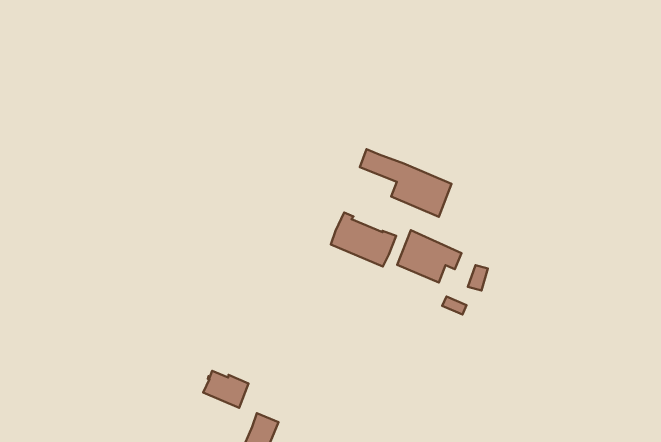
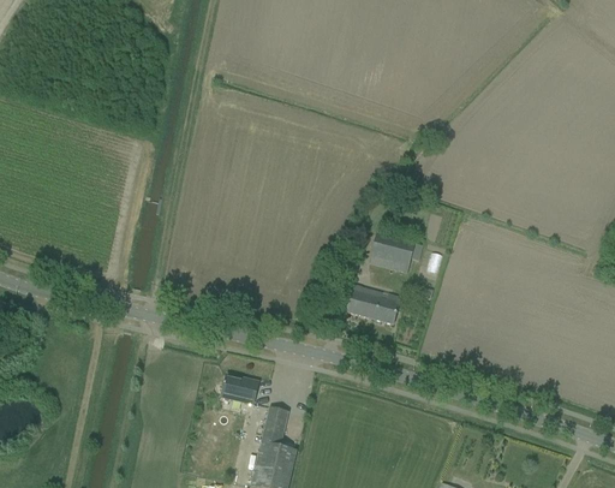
building: [360,149,452,217] -> none
building: [331,212,396,266] -> [346,281,400,322]

